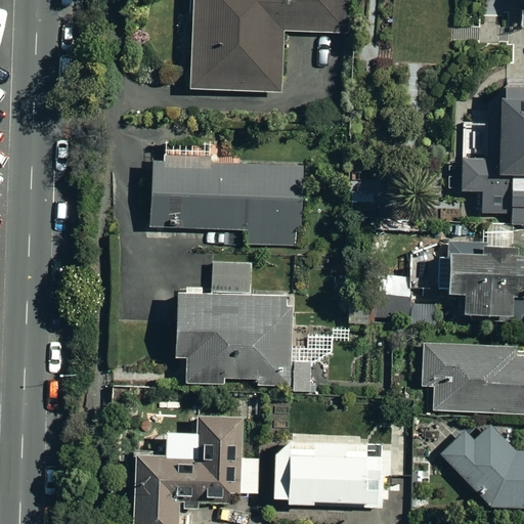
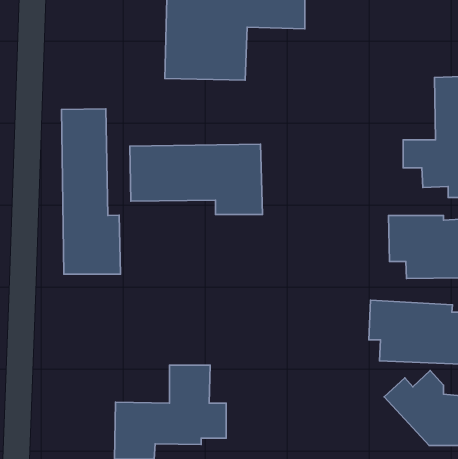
building: none -> [62,109,121,274]
building: [174,259,335,384] -> none
building: [272,441,385,508] -> none

